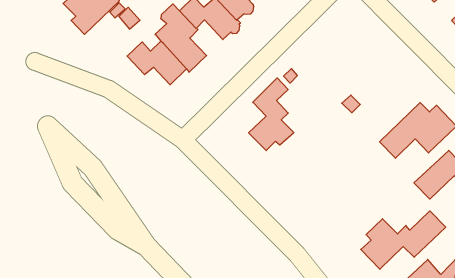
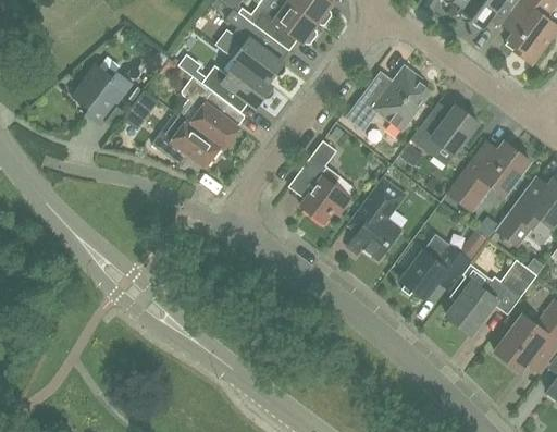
building: none -> [345,70,430,132]
building: none -> [410,106,479,157]
building: none -> [346,177,404,259]
building: none -> [399,235,479,299]

